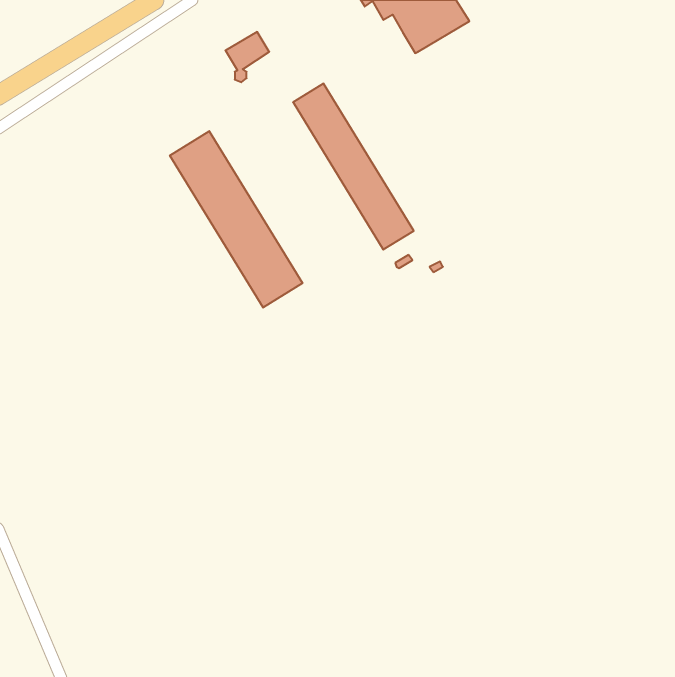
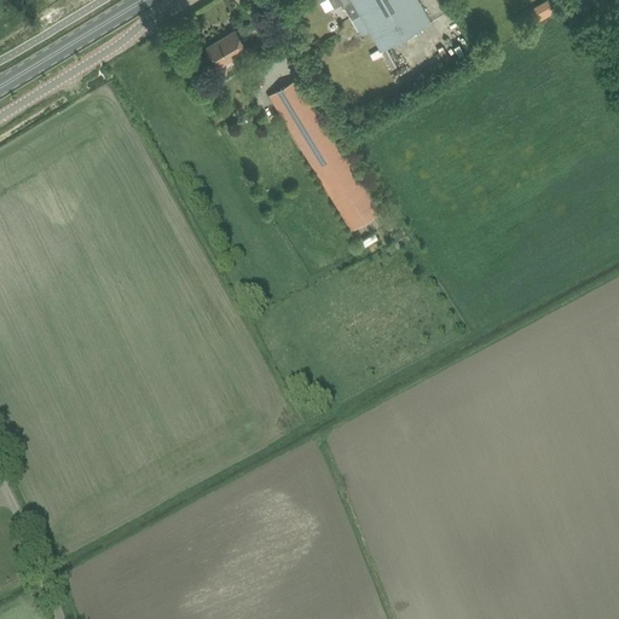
building: [170,131,302,308] -> none

